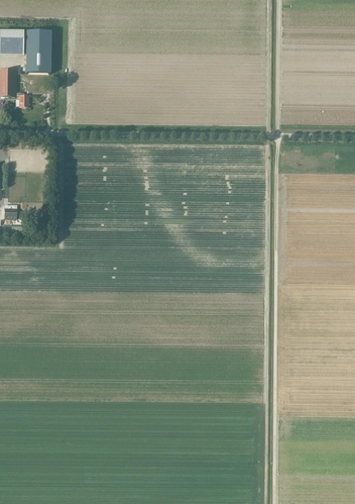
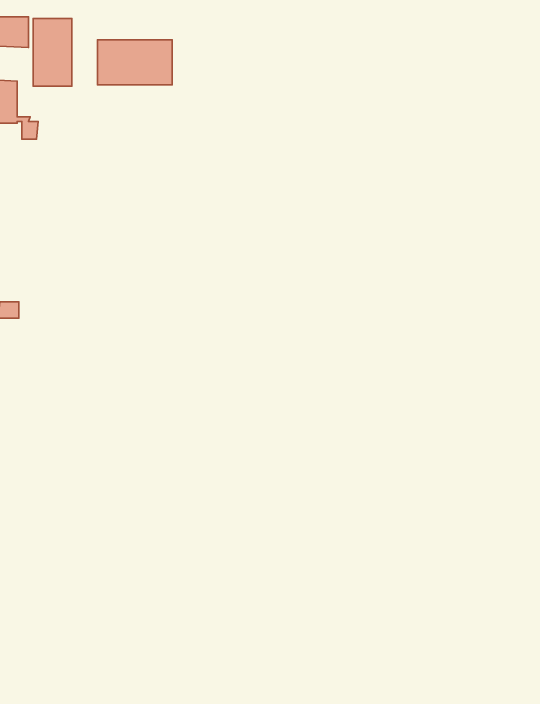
building: none -> [98,40,172,85]

